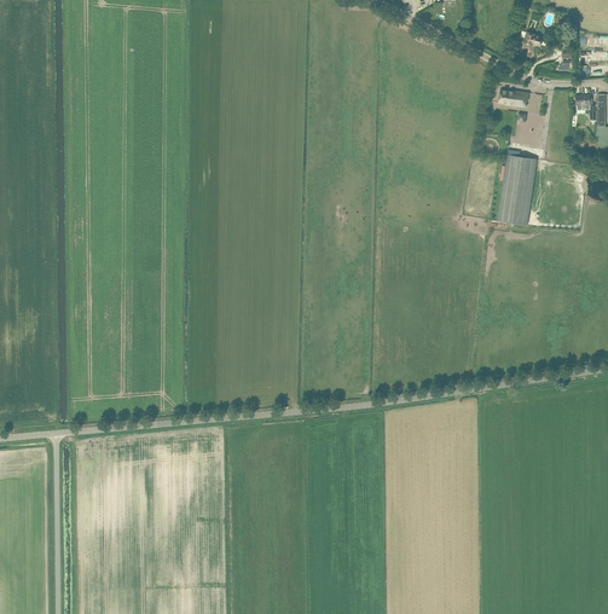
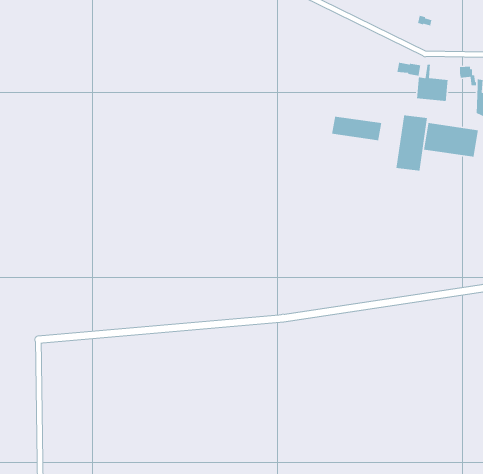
building: none -> [331,116,382,141]
building: none -> [423,122,479,157]

